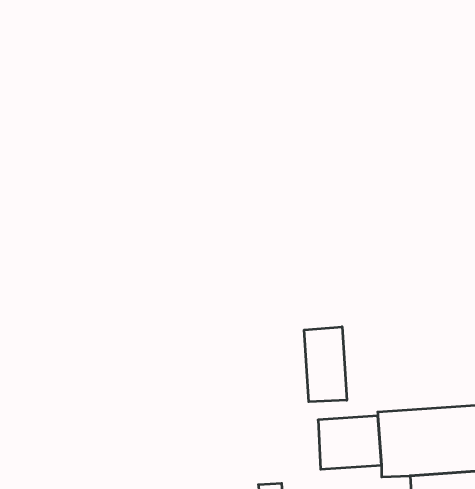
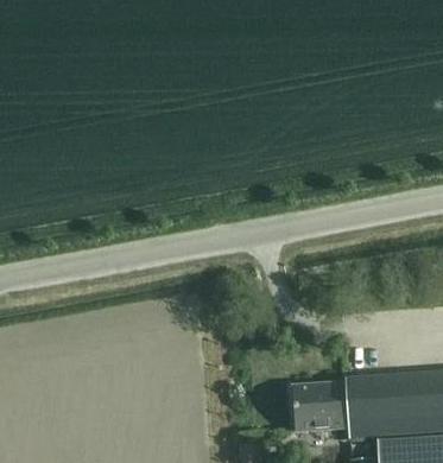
building: [304,327,347,402] -> none

